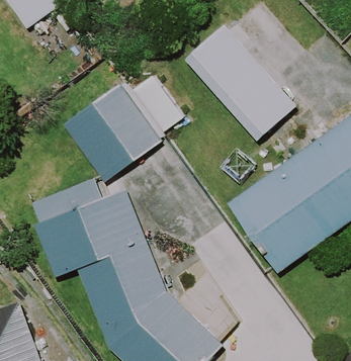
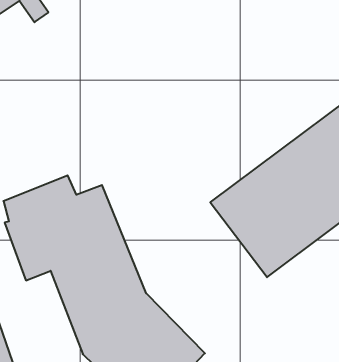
building: [182,23,295,141] -> none
building: [60,82,160,182] -> none

